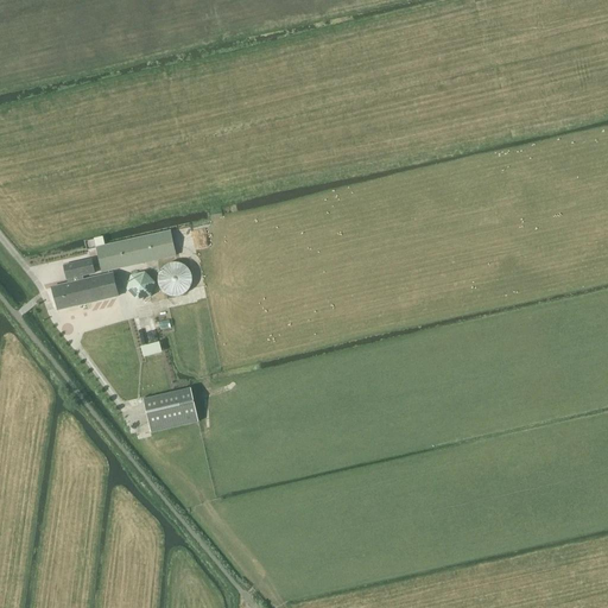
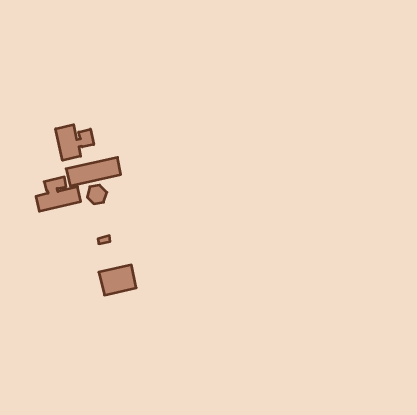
building: none -> [56,125,94,160]
building: [163,266,192,296] -> none

